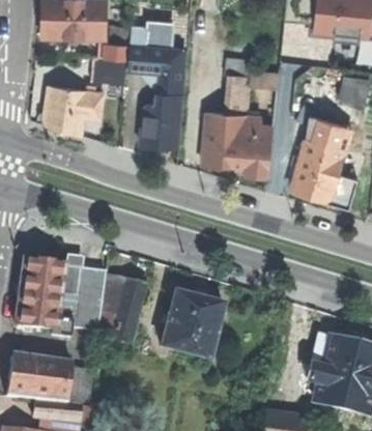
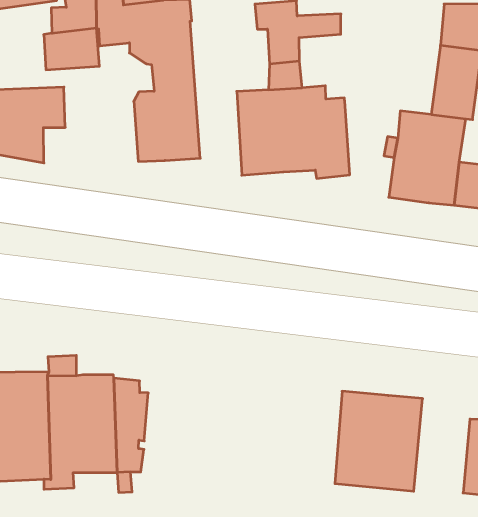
building: [110,279,143,346] -> none
building: [160,292,222,361] -> [335,391,423,491]

